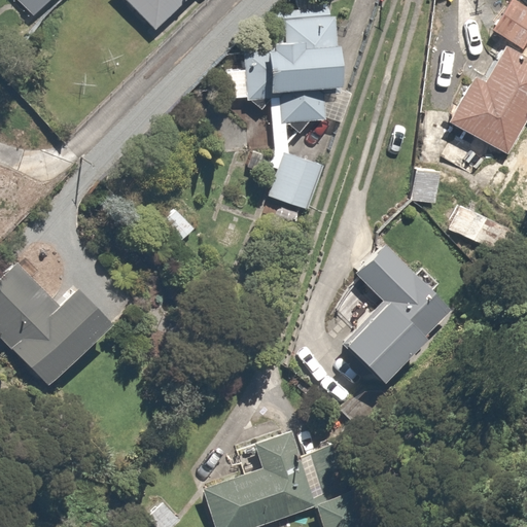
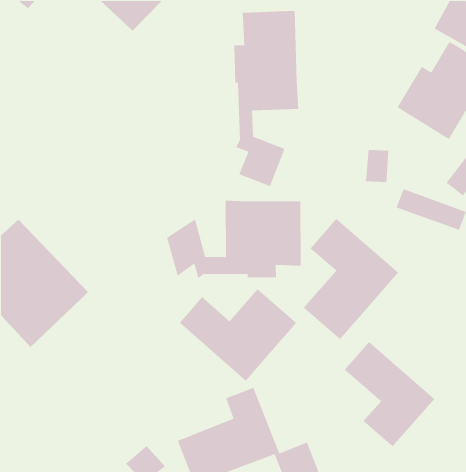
building: none -> [166,200,302,279]
building: none -> [179,288,297,382]
building: none -> [344,341,435,447]

